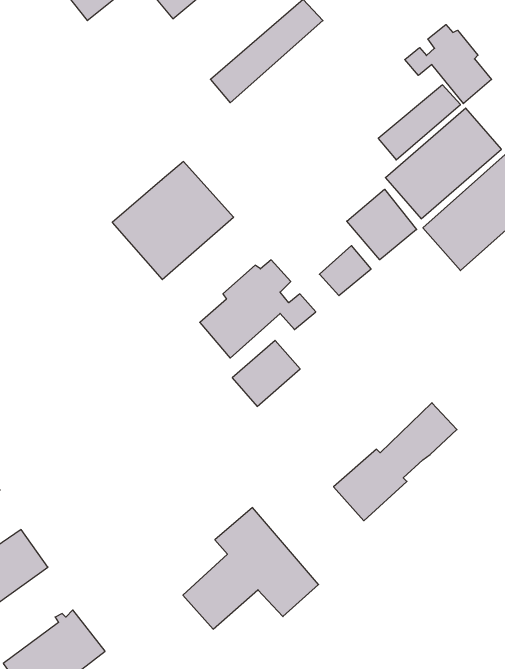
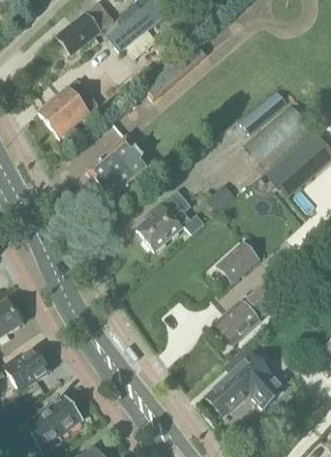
building: [405,25,492,104] -> none
building: none -> [38,81,97,138]
building: [347,189,417,260] -> none
building: [232,340,300,406] -> [217,242,257,280]
building: [183,508,319,629] -> [206,345,284,416]

